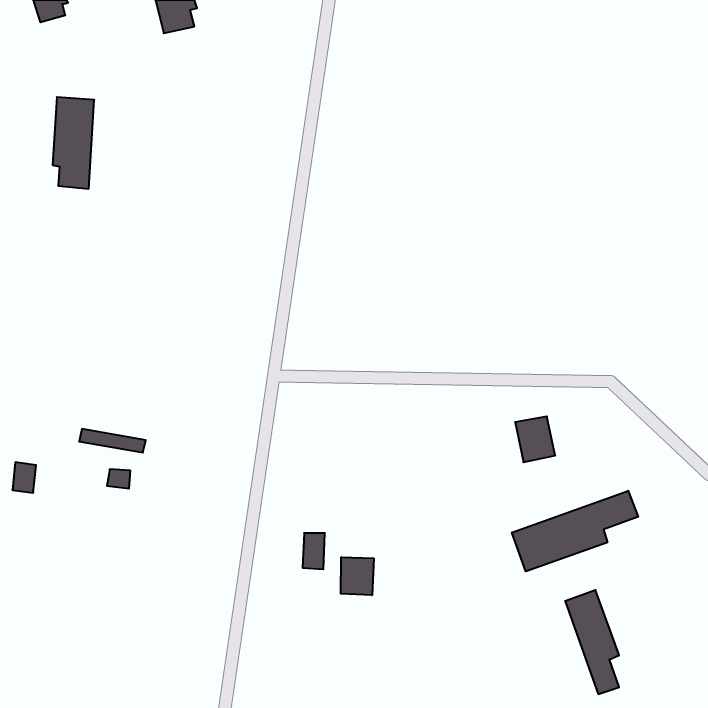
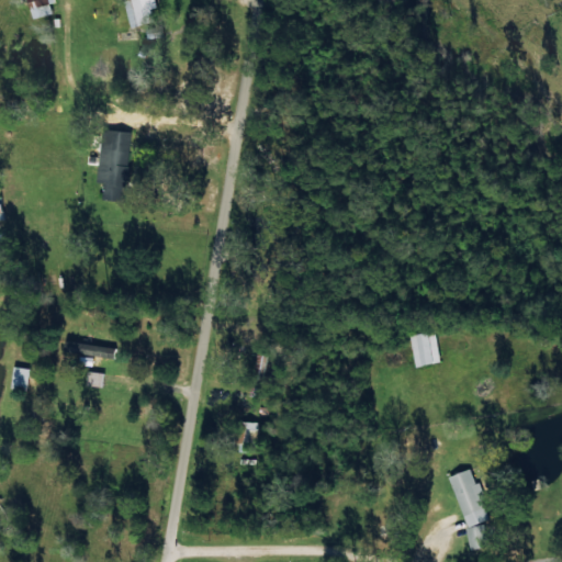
building: [53,97,94,189] -> [99,130,132,202]
building: [512,491,638,571] -> none
building: [341,557,374,595] -> none

